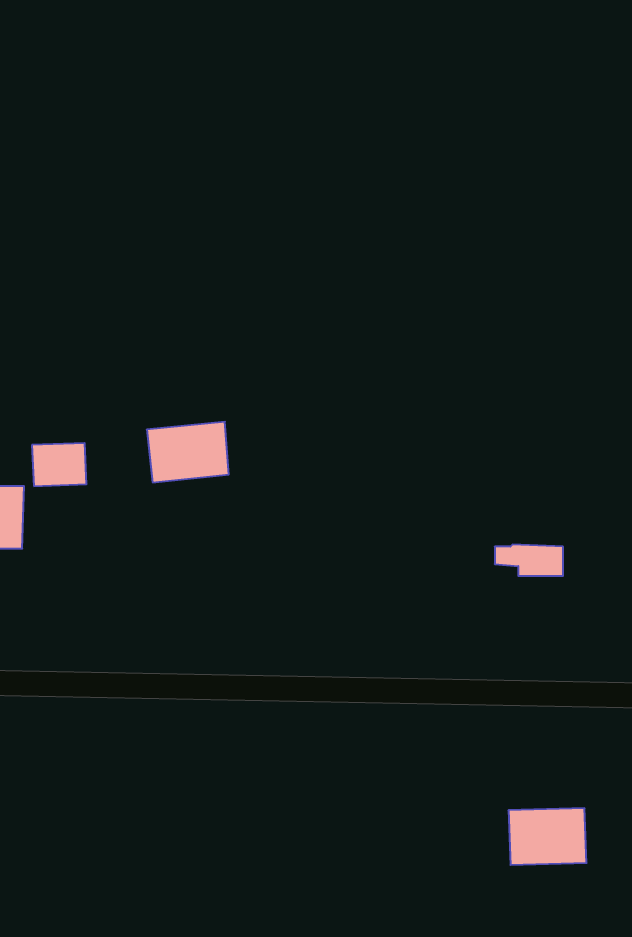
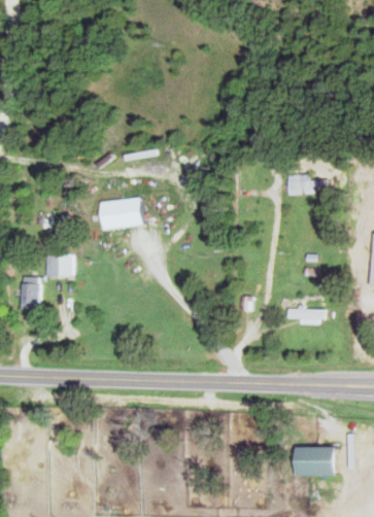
building: none -> [286,174,329,196]
building: [147,422,229,482] -> [100,198,143,230]

